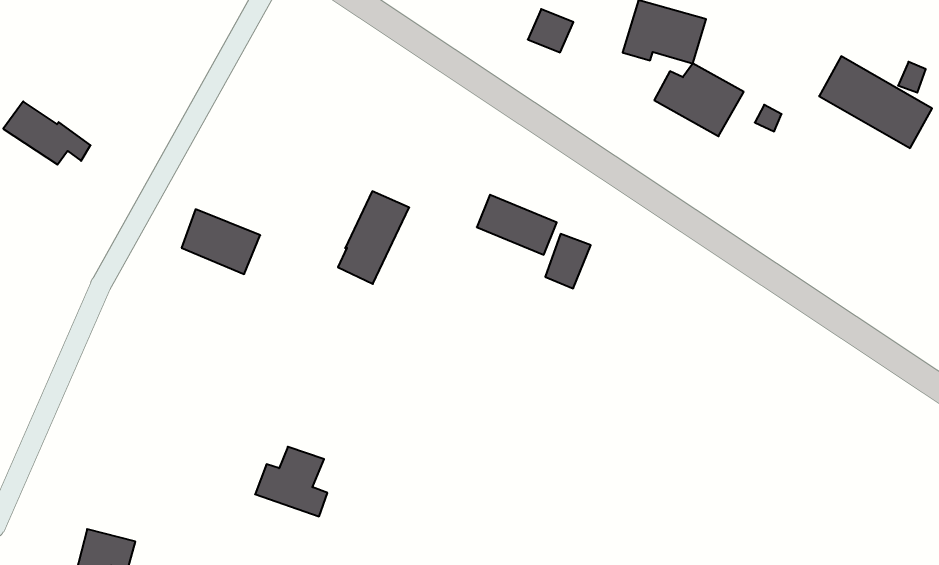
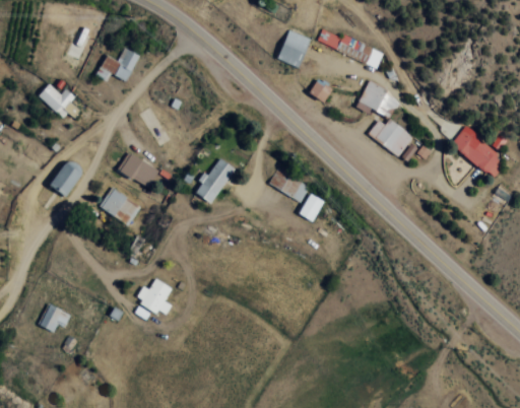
building: none -> [96,48,139,81]
building: none -> [50,160,83,196]
building: none -> [100,187,140,225]

